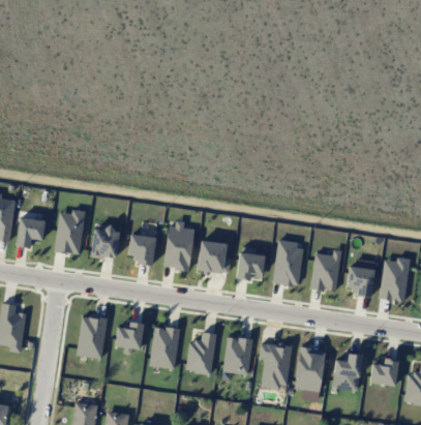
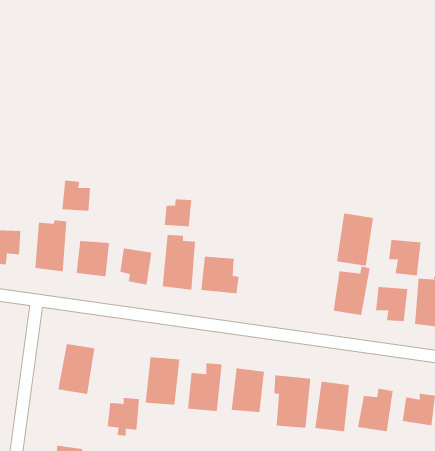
building: none -> [62,180,91,212]
building: none -> [164,199,192,227]
building: none -> [388,239,421,276]
building: [272,241,304,286] -> [336,213,374,266]
building: [237,246,265,280] -> none
building: [116,322,144,355] -> [107,398,140,436]

